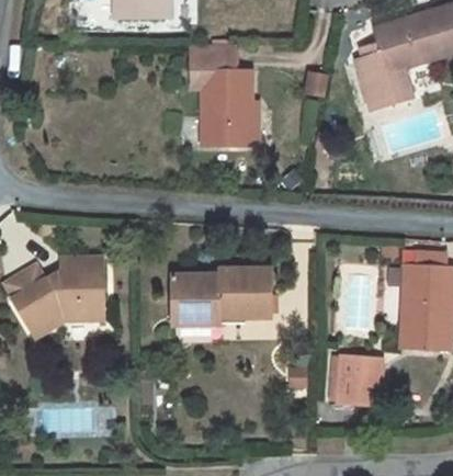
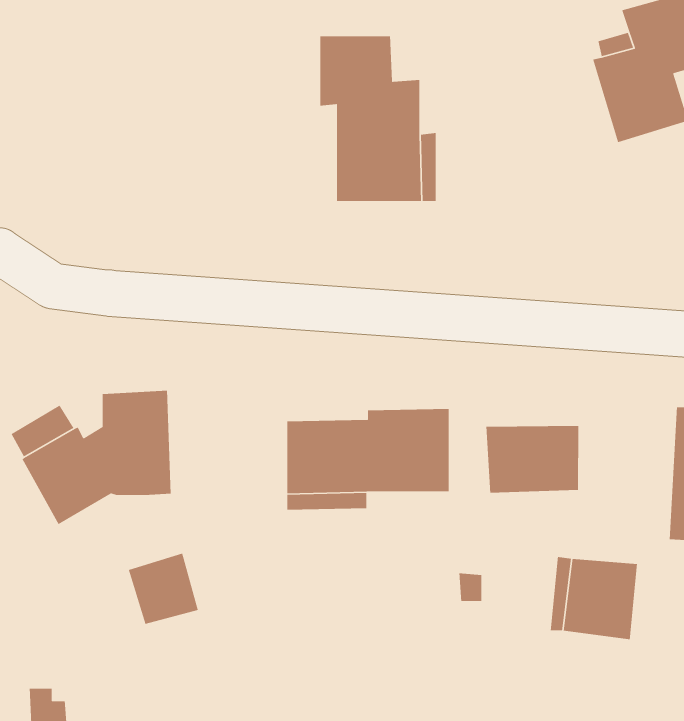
building: none -> [486,425,579,493]
building: none -> [128,552,199,625]

